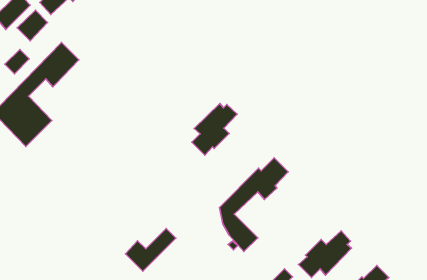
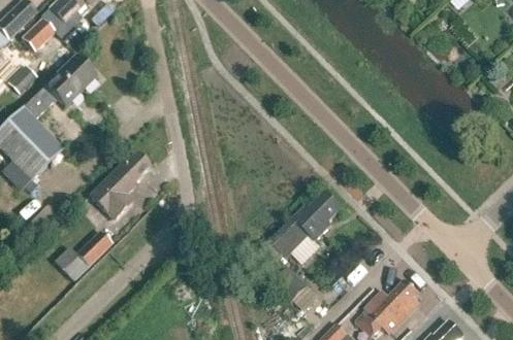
building: [192,104,237,155] -> none
building: none -> [89,154,149,219]
building: [125,229,176,271] -> [54,232,114,282]

